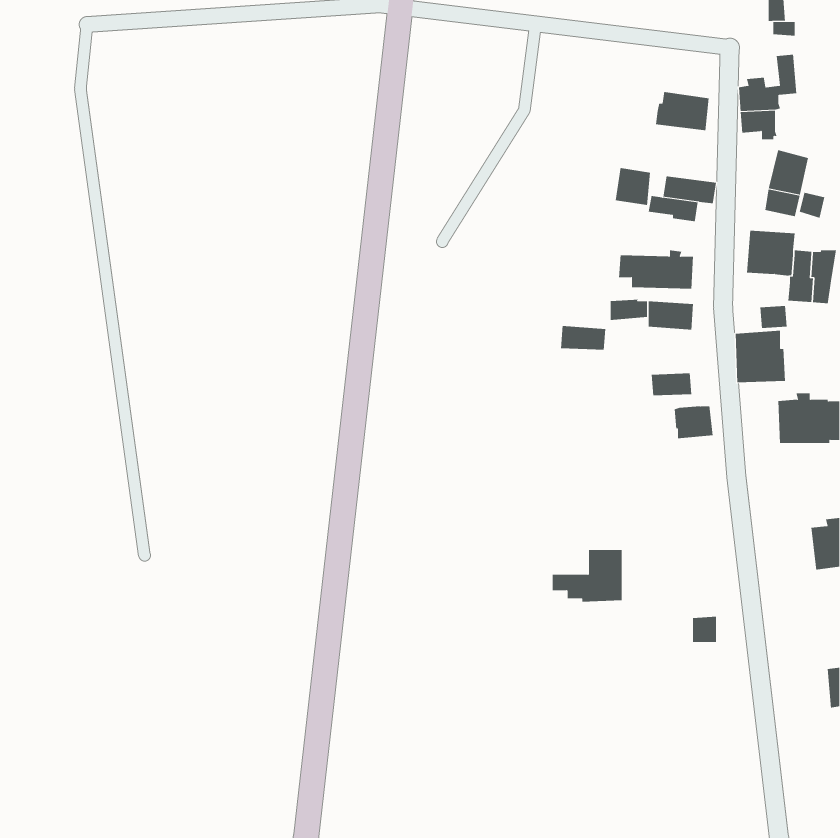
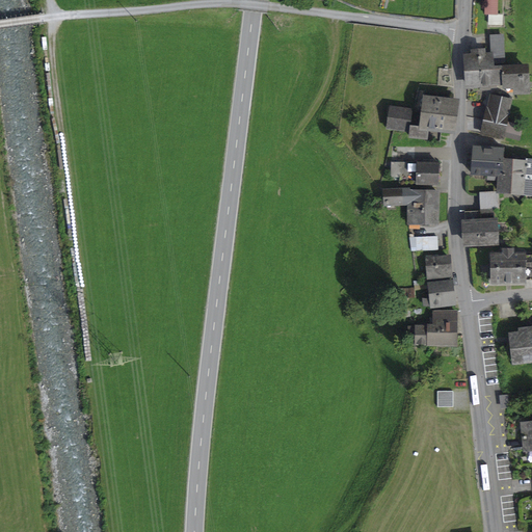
building: [655,92,710,131] -> [421,90,455,115]
building: none -> [490,65,527,91]
building: [560,325,606,350] -> [408,207,437,222]
building: none -> [423,280,454,307]
building: [552,550,623,602] -> [410,311,455,344]

